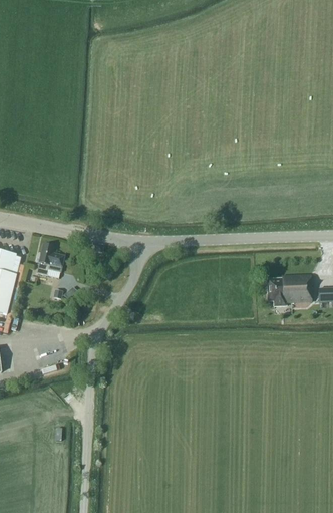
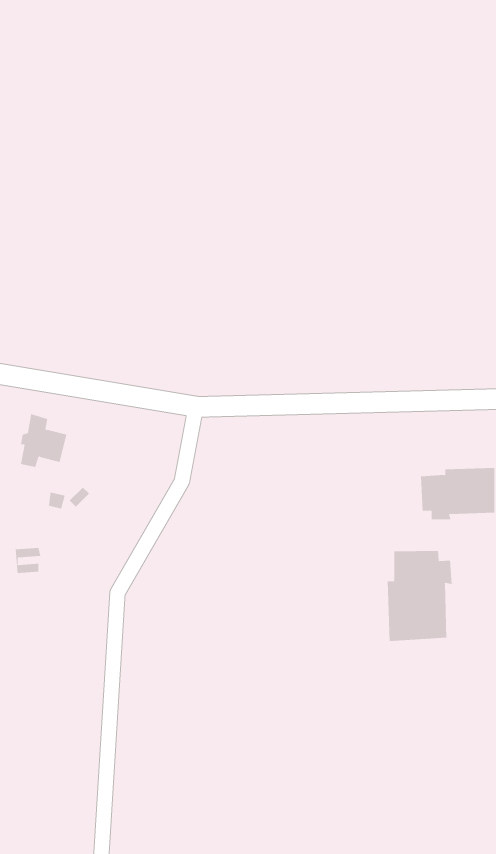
building: none -> [387,550,452,642]

